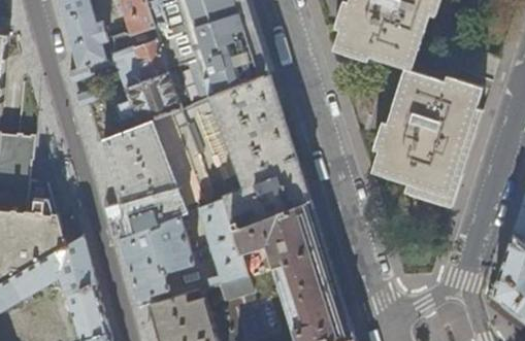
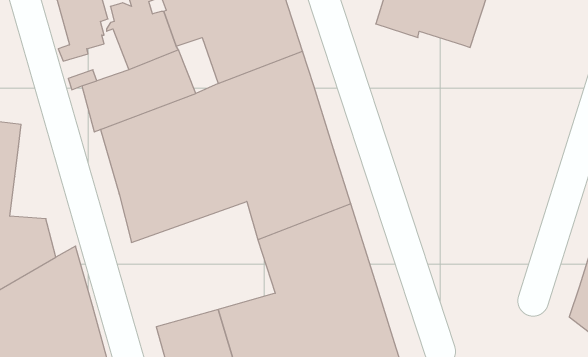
building: [370,69,482,208] -> none
building: [119,199,248,306] -> none

